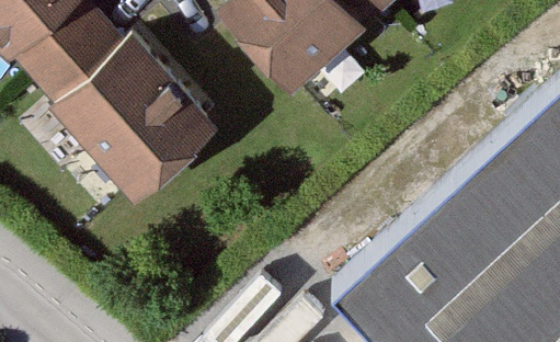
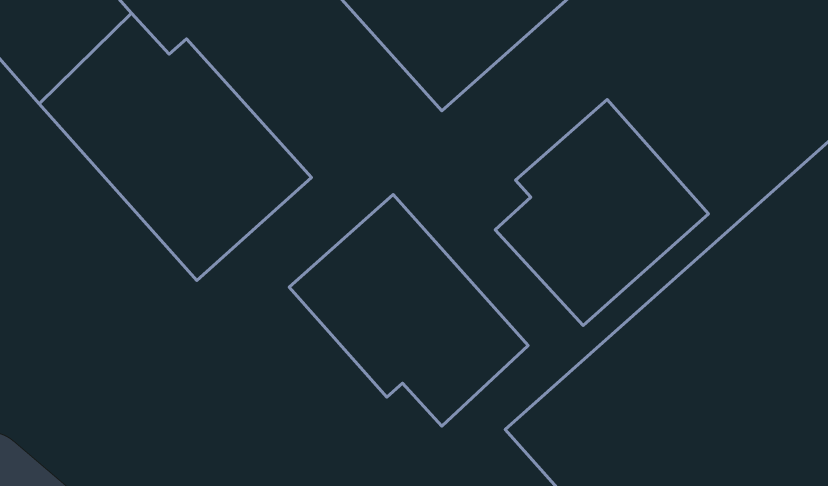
building: none -> [495,99,709,326]
building: none -> [289,195,528,426]

